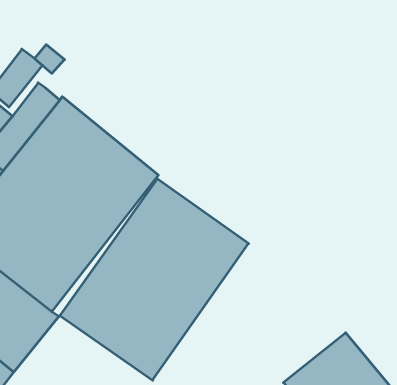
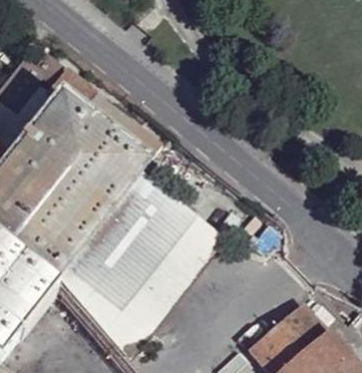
building: none -> [44,77,158,176]

